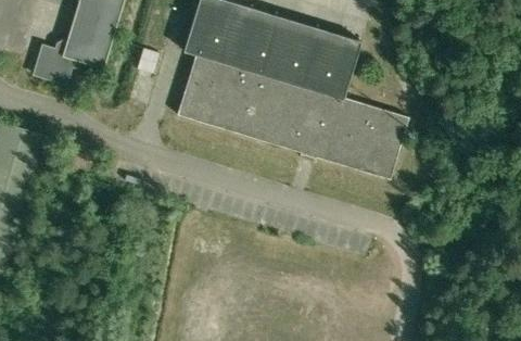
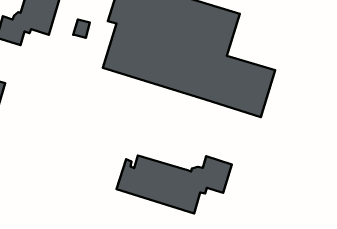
building: none -> [116,156,232,214]

